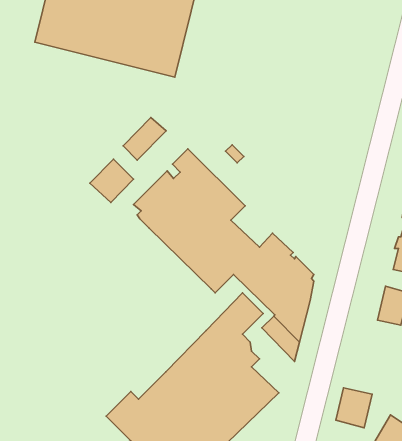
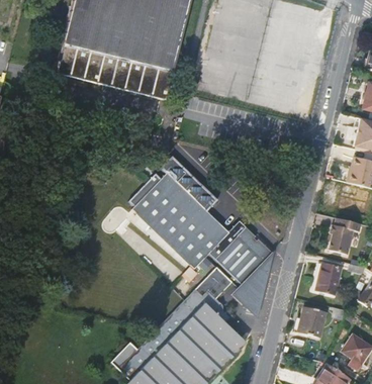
building: [123,118,166,160] -> none
building: [90,159,133,203] -> none
building: [336,388,372,428] -> [300,306,329,338]

